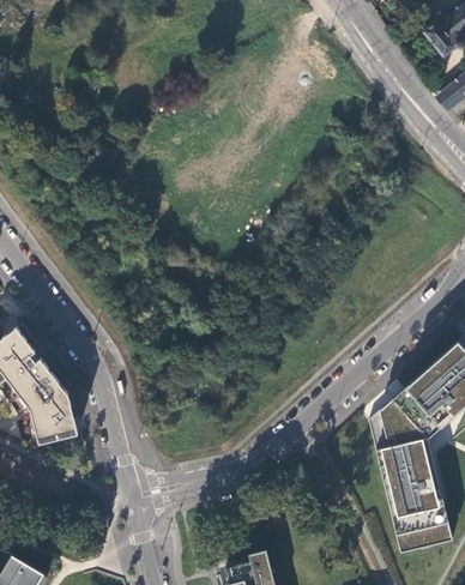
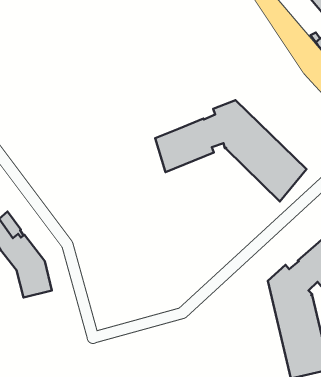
building: none -> [155,100,307,202]

